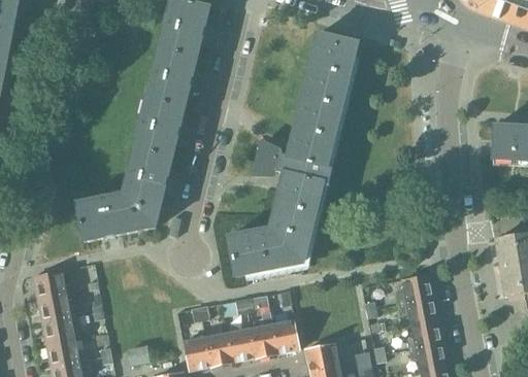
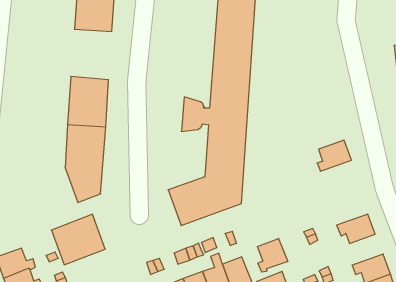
building: [145,47,197,107] -> none
building: [76,193,130,241] -> [51,214,105,265]
building: [398,274,435,303] -> [317,140,351,171]
building: none -> [258,238,288,272]
building: [407,319,444,348] -> none

